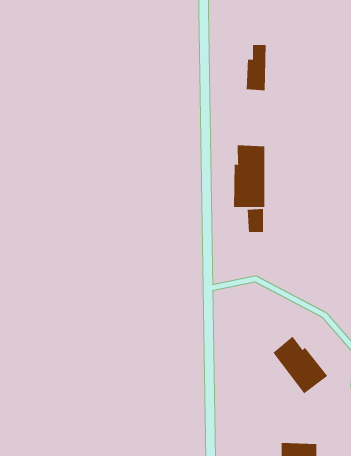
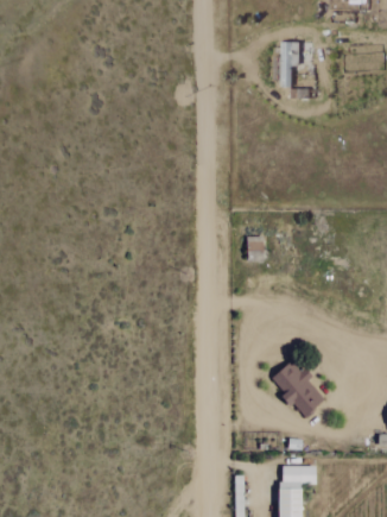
building: [246,45,267,91] -> [275,43,296,88]
building: [233,145,265,208] -> none

